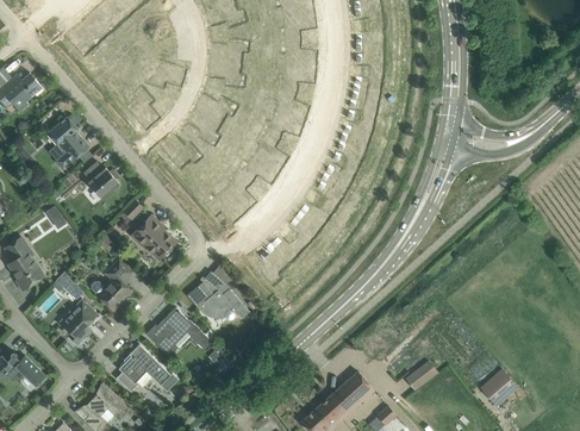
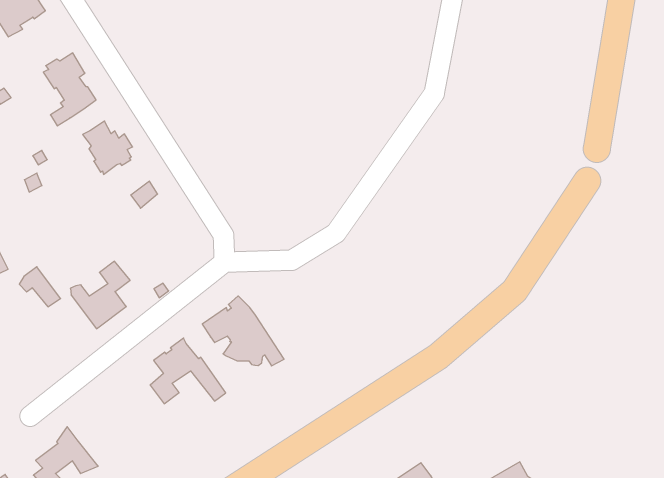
building: [131,214,175,258] -> none
building: [62,300,96,344] -> none
building: [116,344,179,392] -> none

